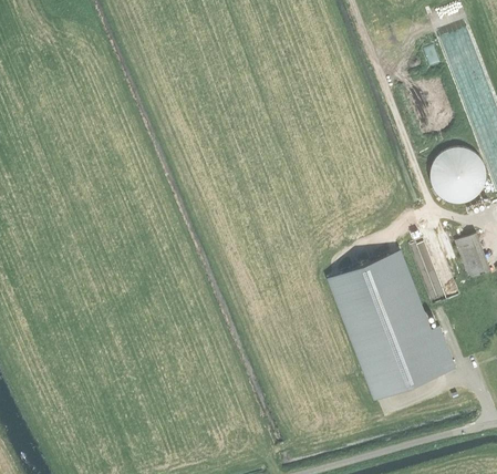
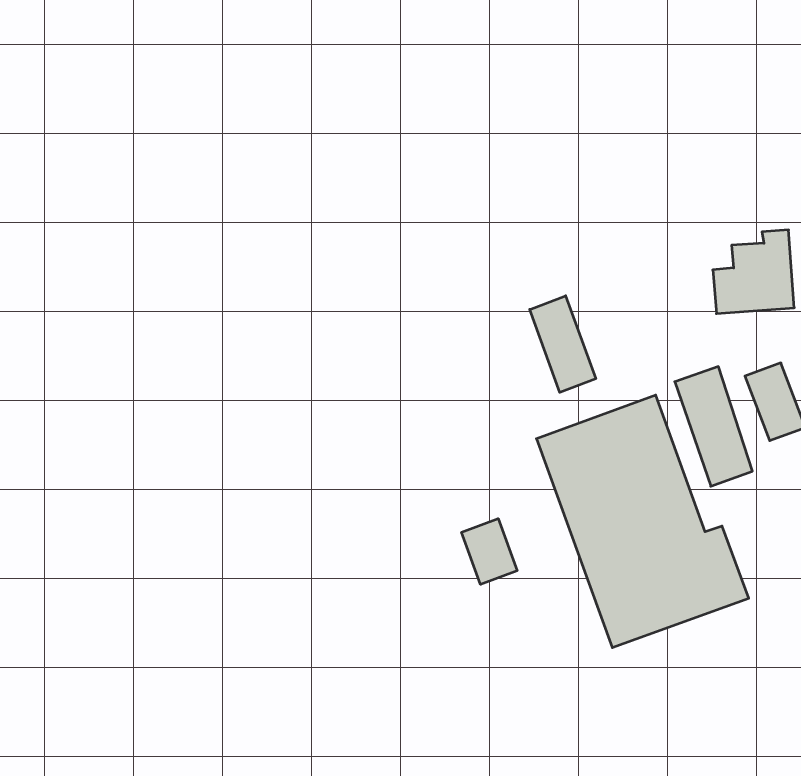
building: none -> [530,296,596,392]
building: none -> [462,519,517,584]

